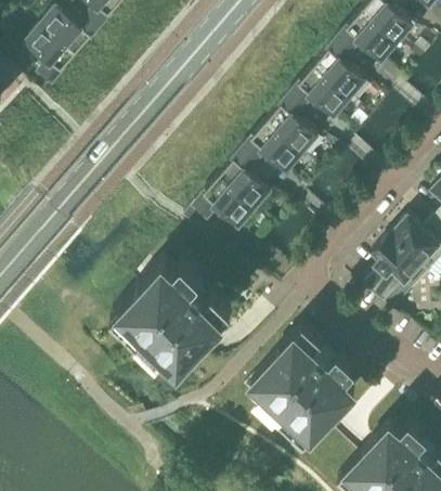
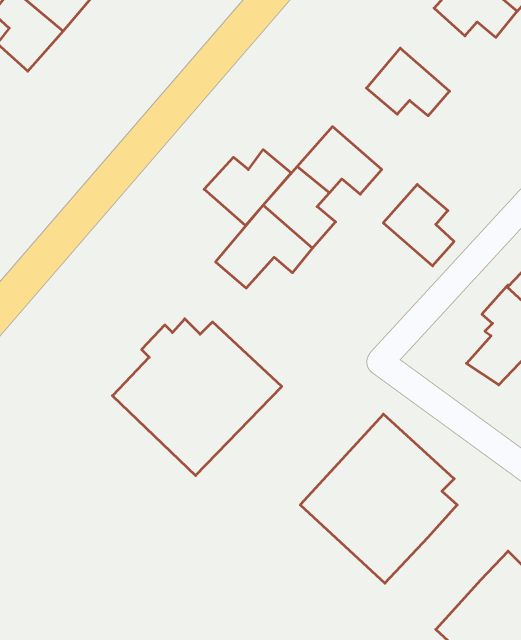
building: [313,42,363,101] -> none
building: [265,99,315,156] -> [383,184,454,266]
building: none -> [204,150,291,225]

